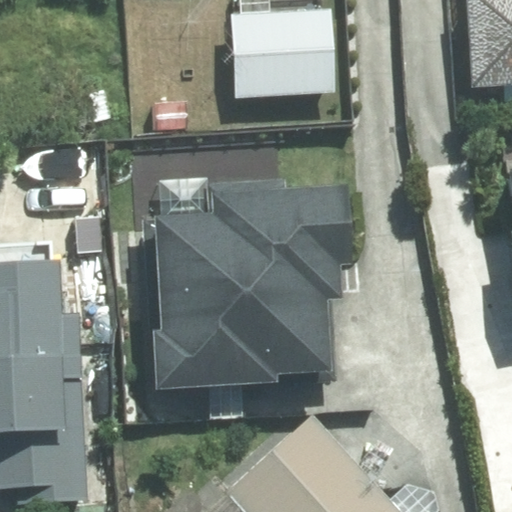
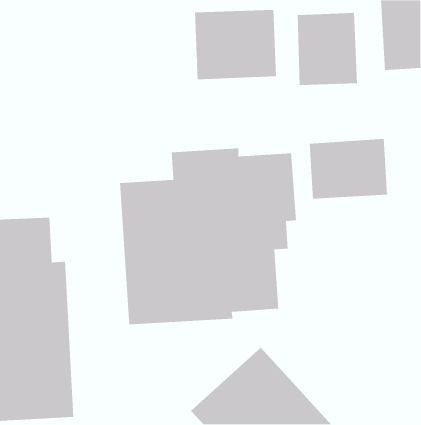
building: none -> [297,12,358,86]
building: none -> [309,138,388,199]

